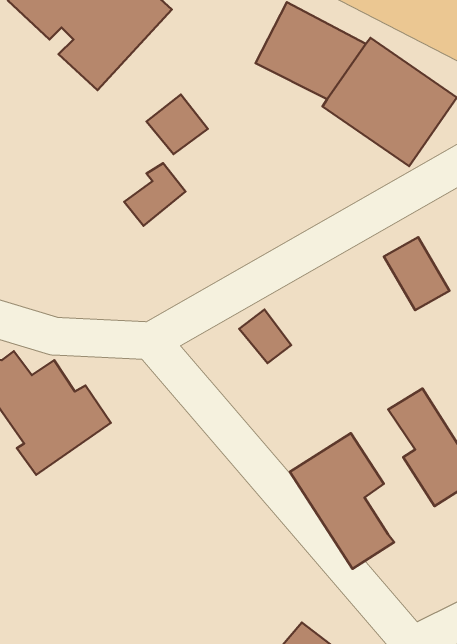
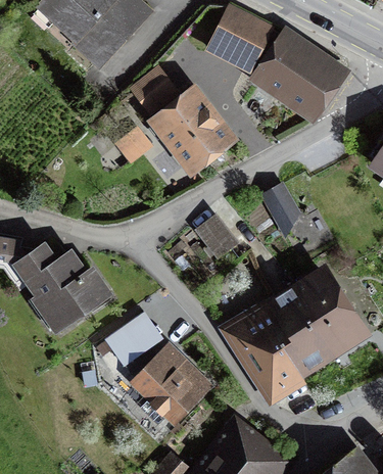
building: none -> [158,92,228,170]
building: [384,237,450,310] -> [262,179,307,229]
building: none -> [274,285,331,371]
building: none -> [105,310,165,367]
building: none -> [138,346,208,425]

